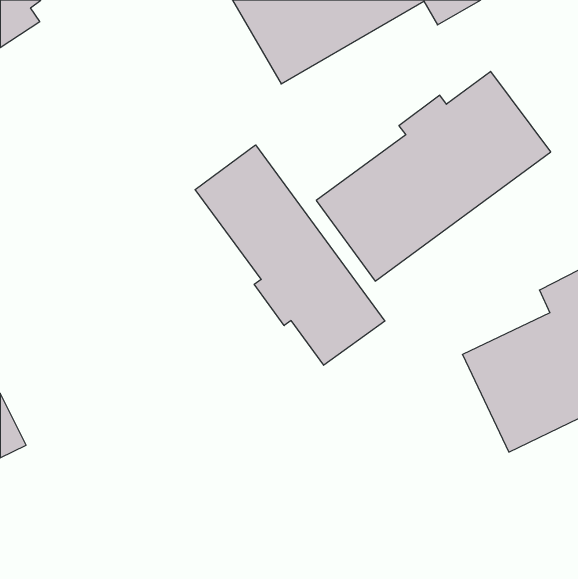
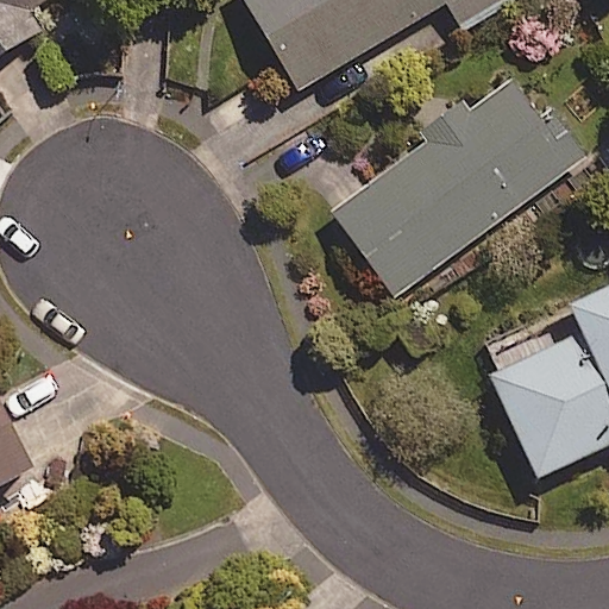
building: [195,145,385,365] -> none

